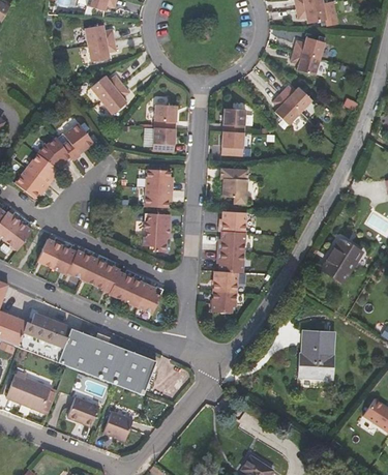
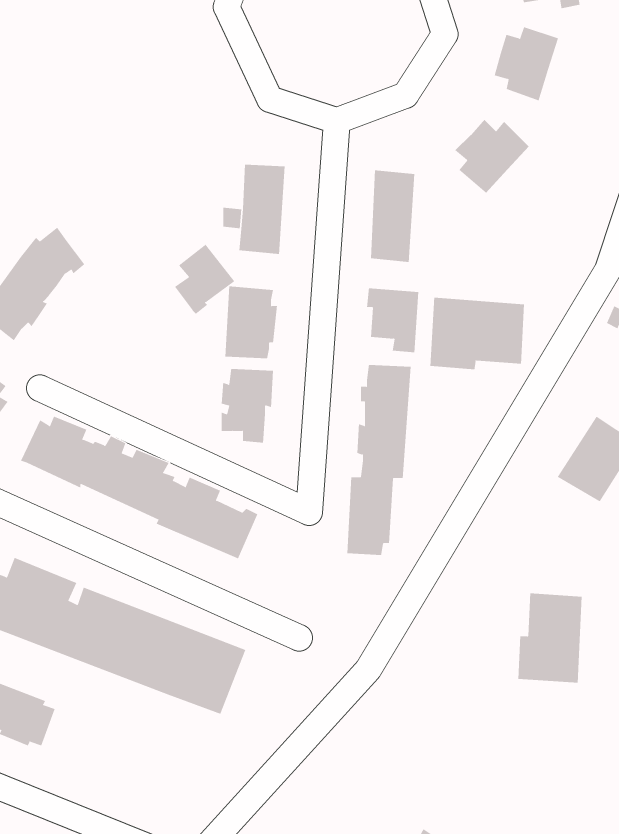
building: [89,24,122,61] -> none
building: [97,72,137,112] -> none
building: [62,122,94,159] -> [174,244,235,315]
building: none -> [430,297,524,370]
building: [67,396,99,426] -> none
building: [102,411,132,440] -> none

